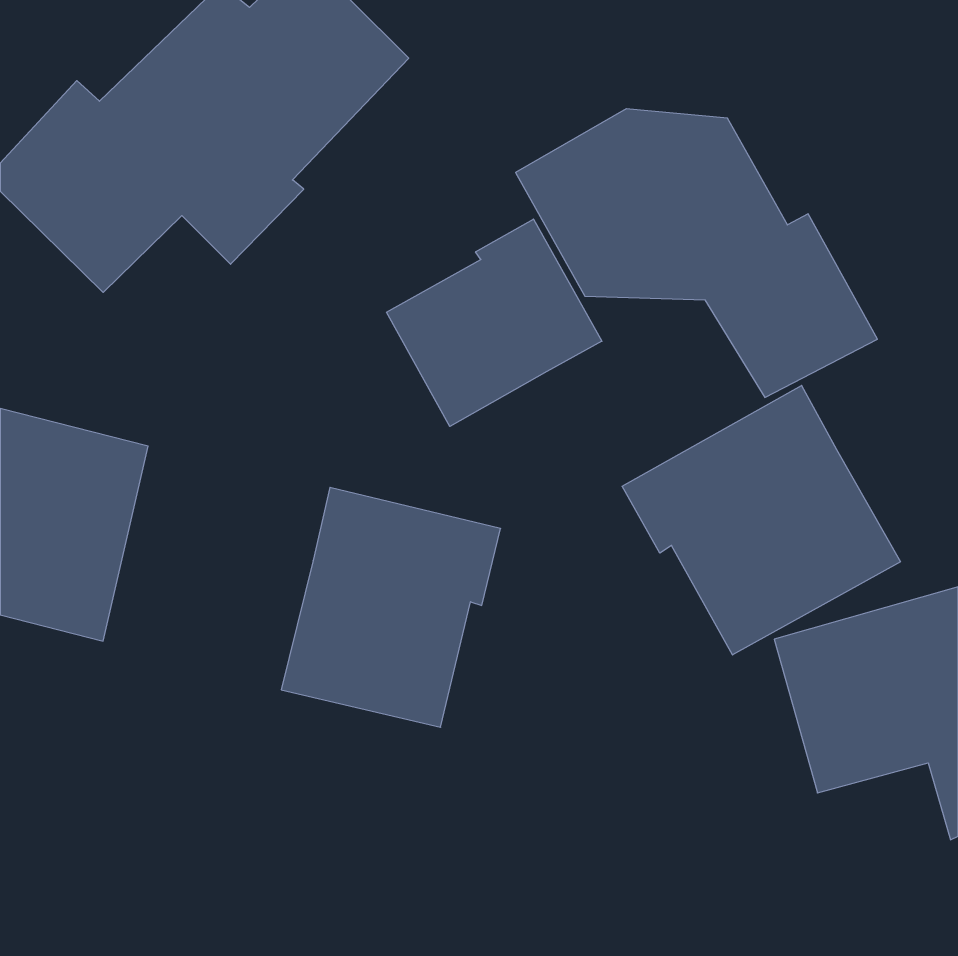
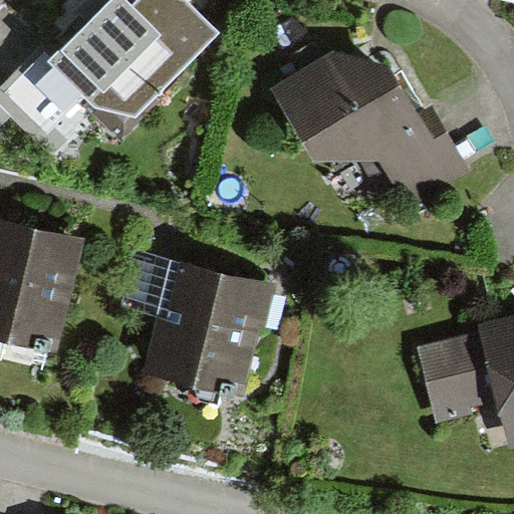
building: [387,219,602,426] -> none
building: [622,385,900,655] -> none

